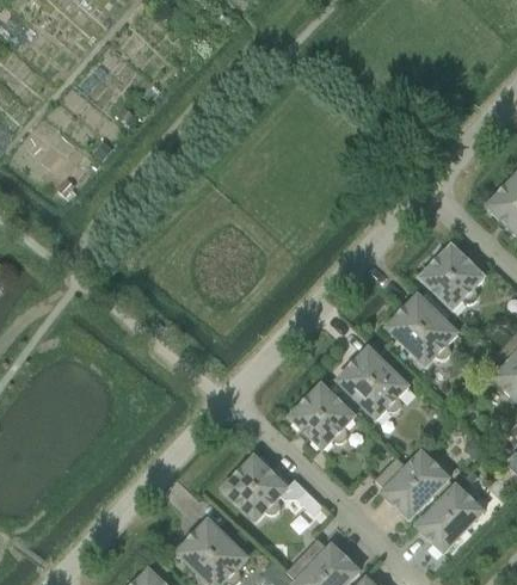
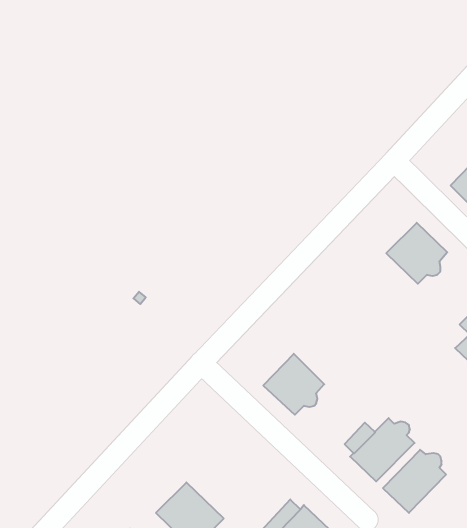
building: [387,292,458,365] -> none
building: [338,347,410,418] -> none
building: [223,456,324,521] -> none

